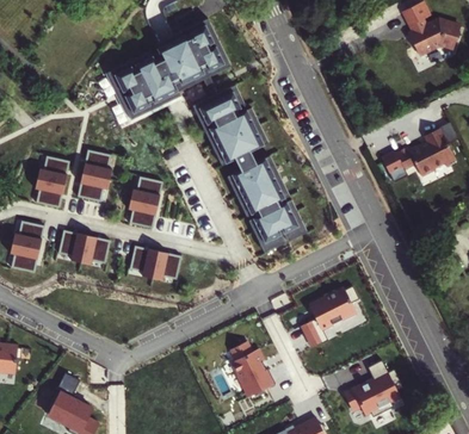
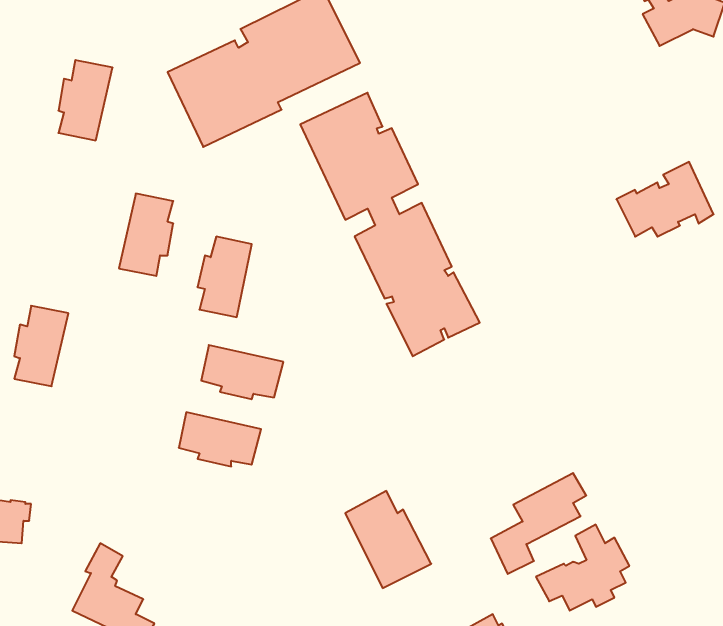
building: [35,156,69,207] -> [58,60,113,140]
building: [57,230,110,265] -> [179,412,261,466]
building: [298,284,359,348] -> [491,473,586,574]

